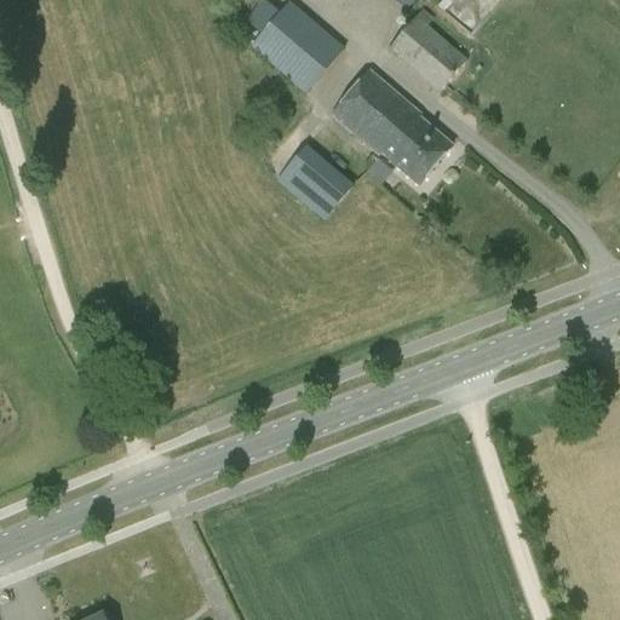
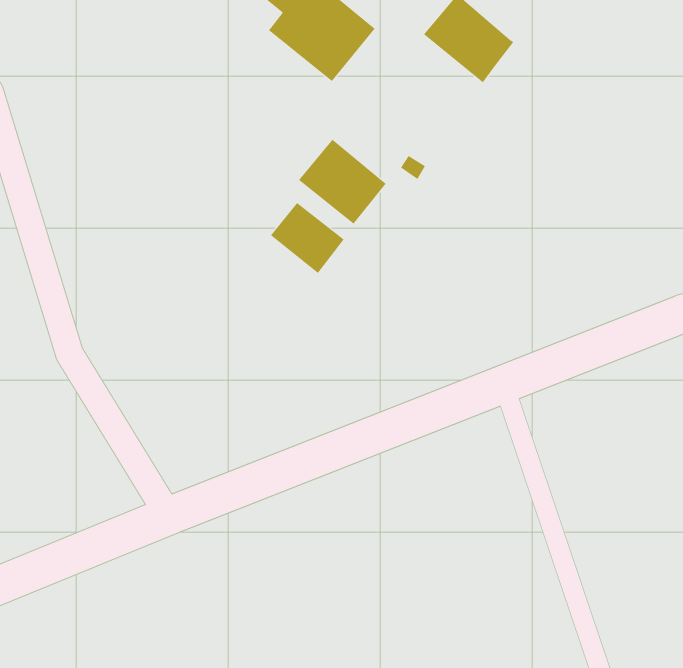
building: [333,69,452,182] -> none
building: none -> [270,202,345,274]

